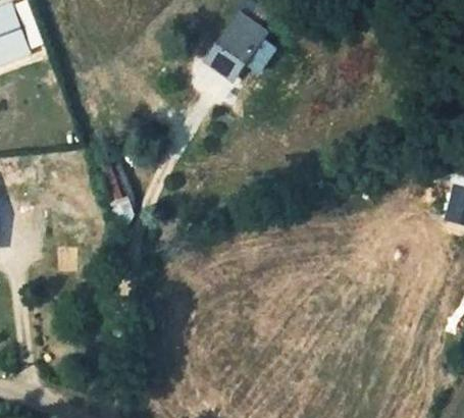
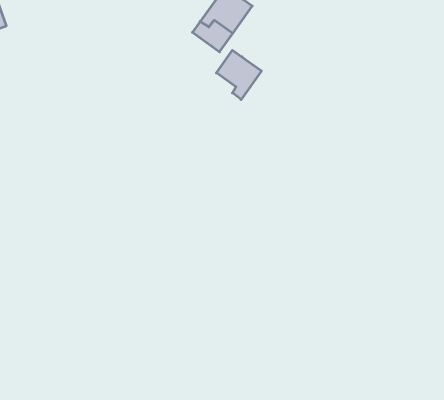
building: none -> [216,50,261,100]

